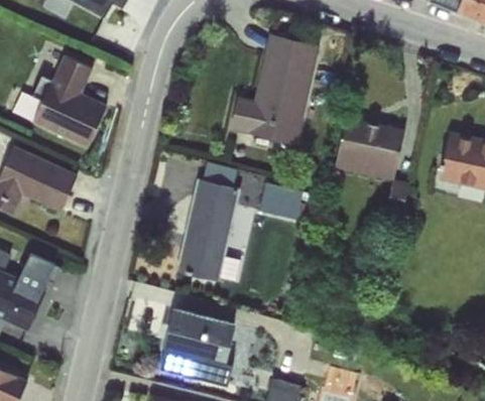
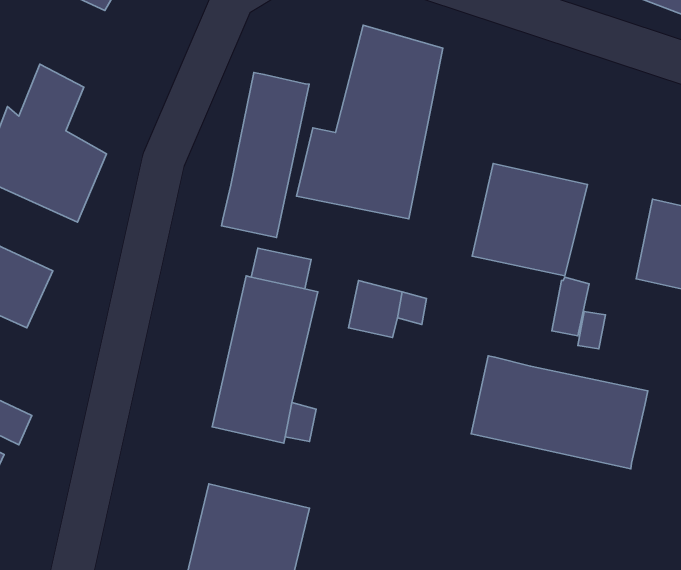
building: none -> [221,73,309,238]
building: none -> [471,356,648,469]

